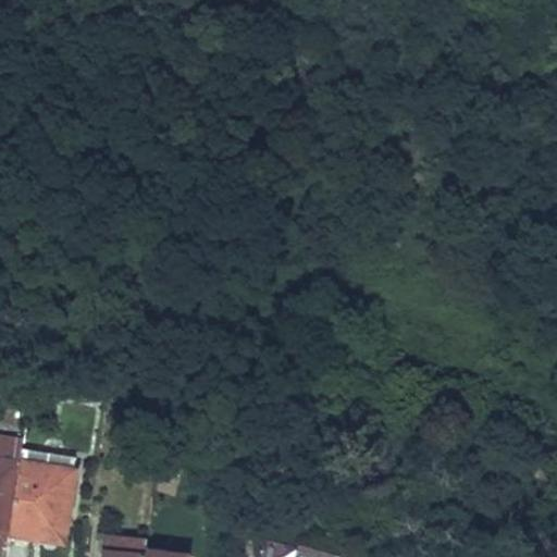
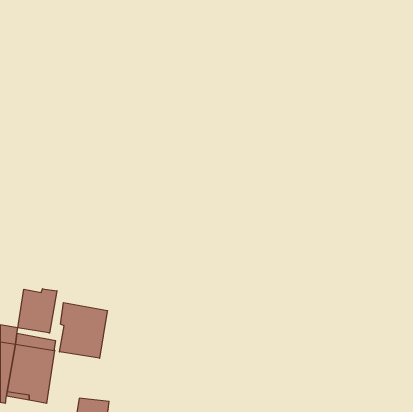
building: none -> [18,289,57,333]
building: none -> [60,303,107,358]

